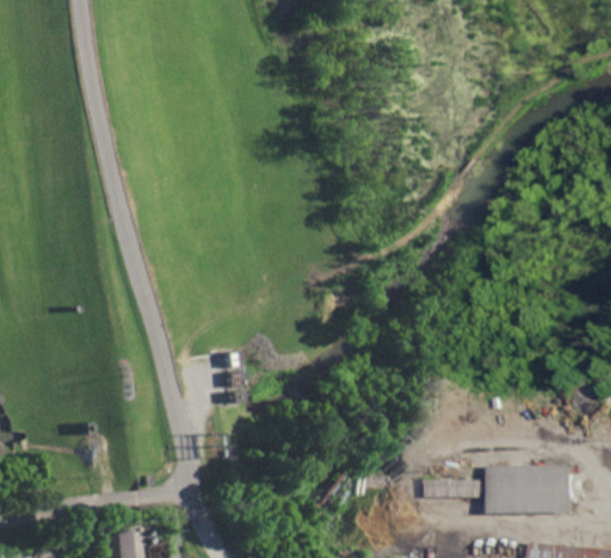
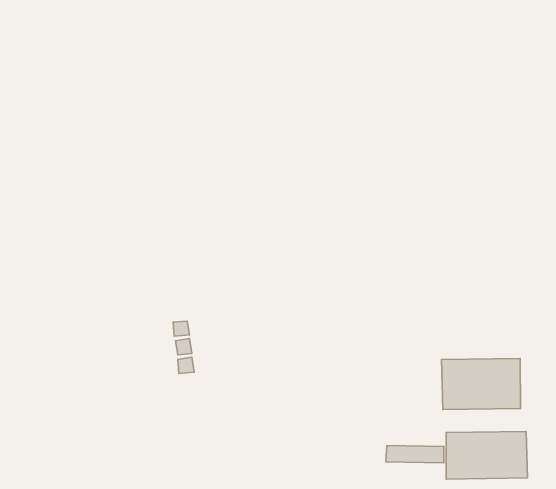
building: none -> [441,358,520,409]

